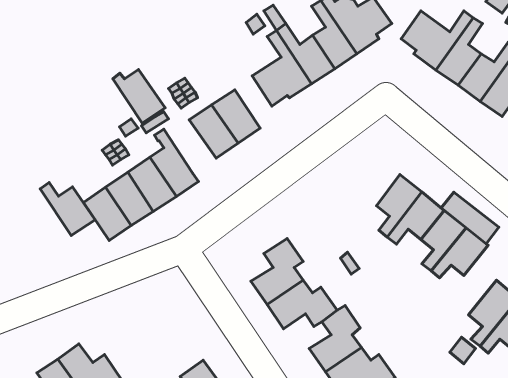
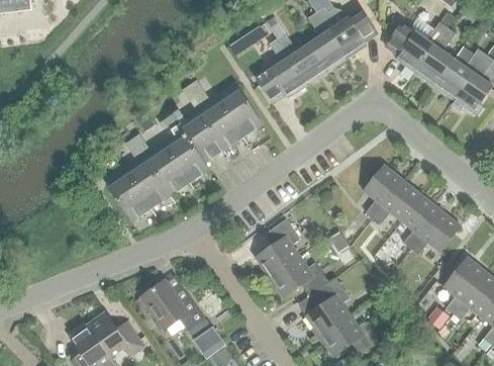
building: [113,70,165,123] -> [179,116,224,163]
building: [40,183,95,235] -> none
building: [441,192,499,244] -> none
building: none -> [141,280,206,332]

